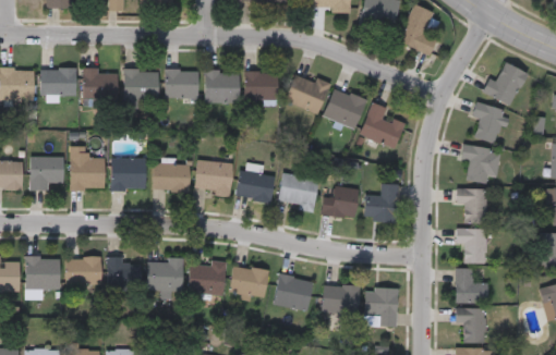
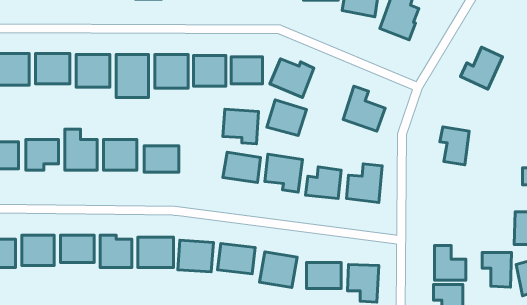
building: [325,89,366,126] -> [267,100,307,136]
building: [472,101,506,144] -> none
building: [195,161,232,197] -> [223,109,258,144]
building: [456,188,486,223] -> none
building: [456,228,486,264] -> [482,252,512,287]

